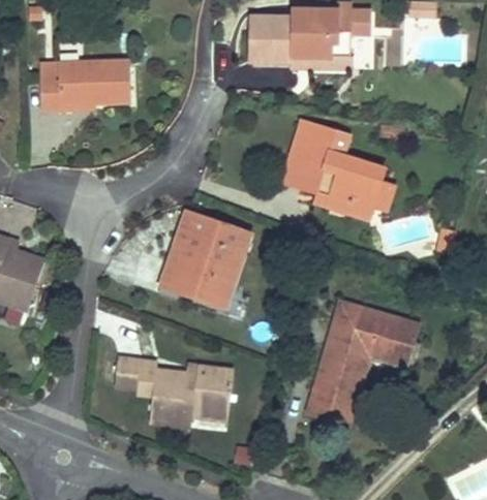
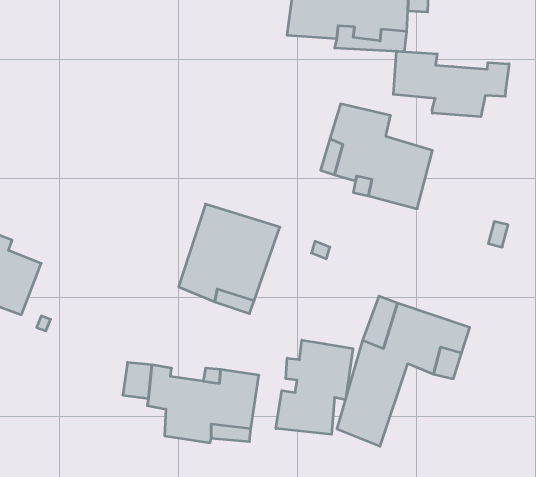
building: [36,57,127,112] -> none
building: none -> [393,51,509,117]
building: none -> [276,340,353,434]

